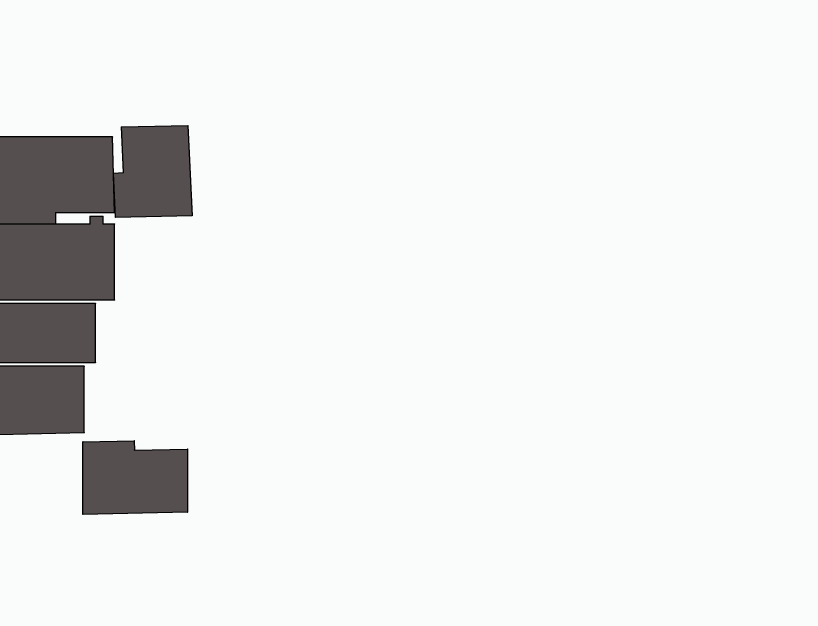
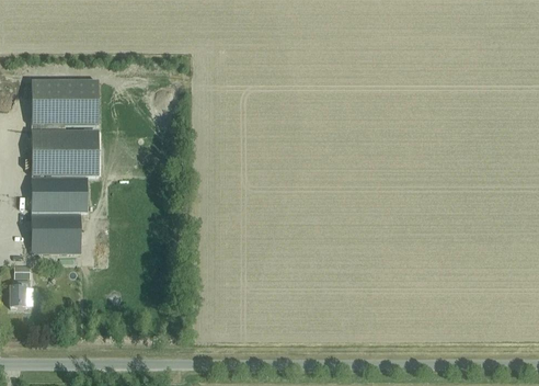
building: [114,126,192,217] -> none
building: [83,441,188,514] -> none

